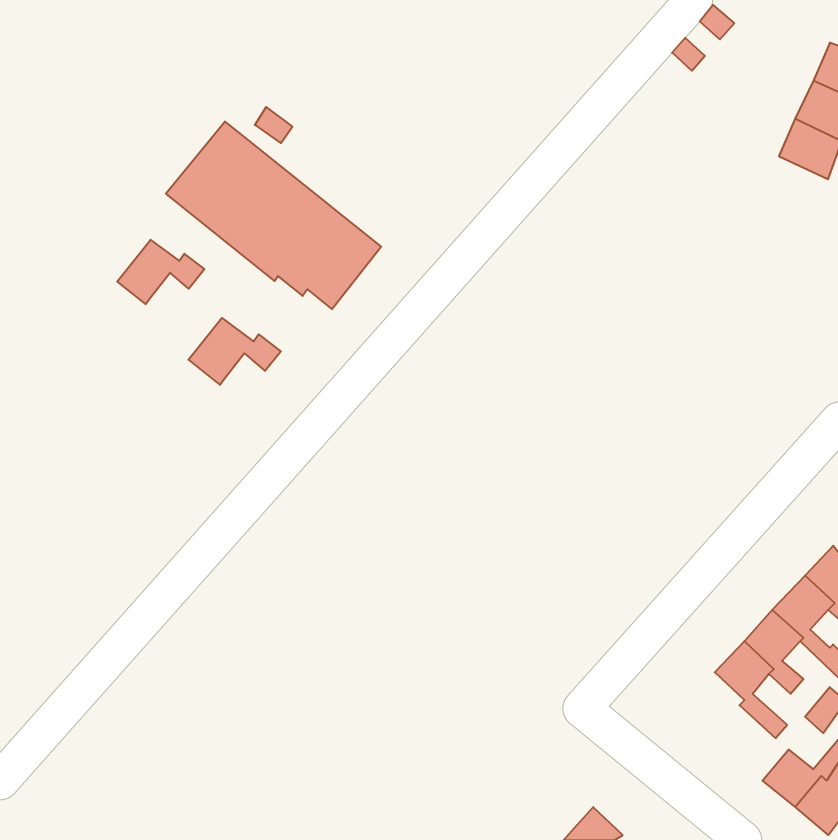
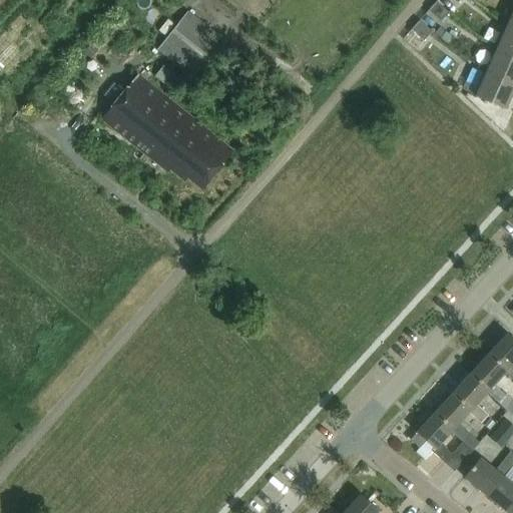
building: none -> [158,10,226,79]
building: [117,240,204,304] -> none
building: [188,318,281,385] -> none
building: none -> [412,410,474,470]

